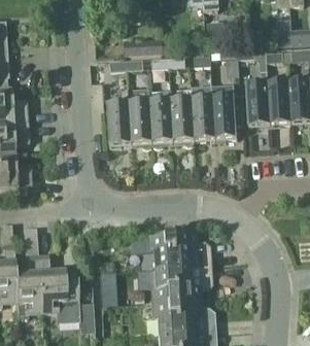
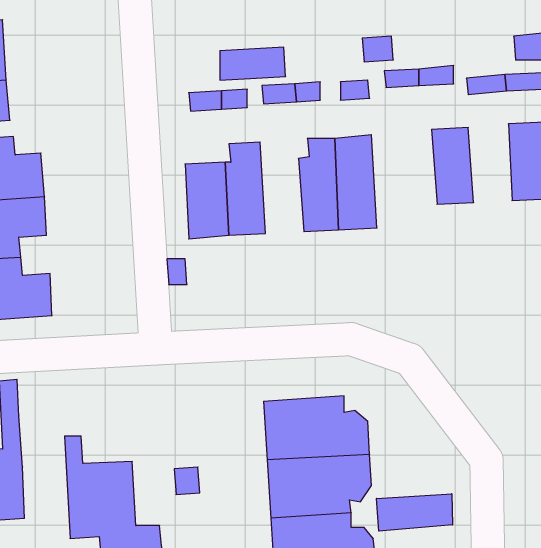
building: [267,80,290,125] -> none
building: [211,85,236,139] -> none
building: [148,91,173,142] -> none
building: [14,230,41,315] -> none
building: none -> [377,494,452,531]

